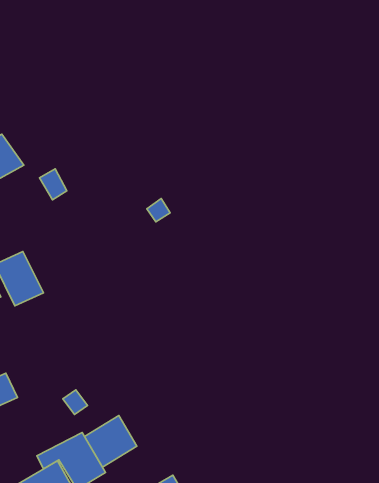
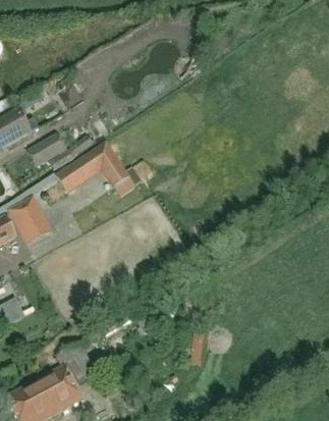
building: none -> [56,144,128,190]
building: [84,415,137,467] -> none

